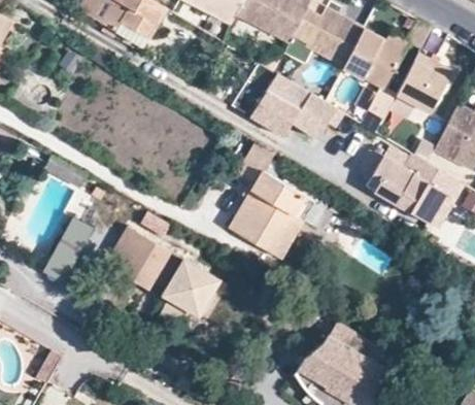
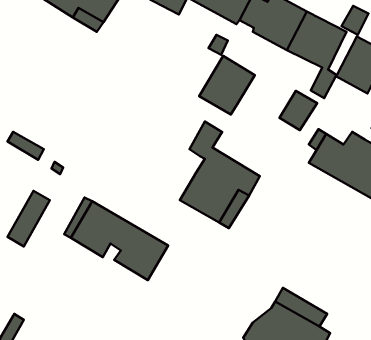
building: [292,94,332,136] -> [279,91,317,130]

